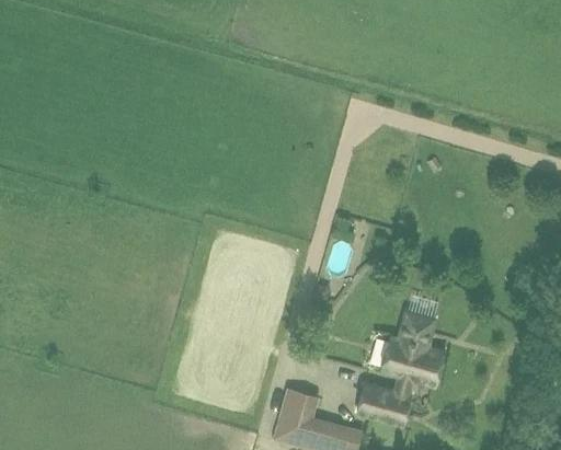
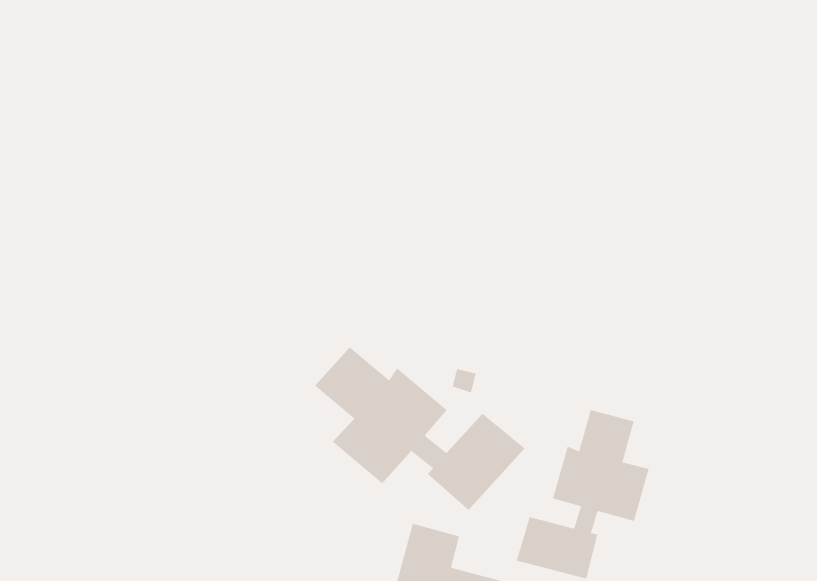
building: none -> [314,346,526,511]

